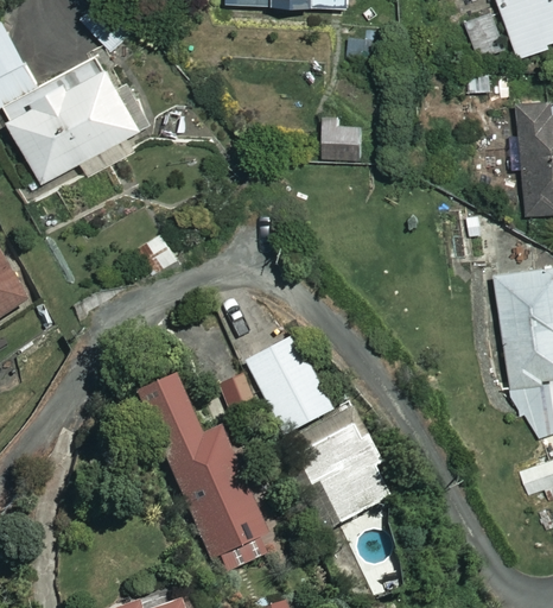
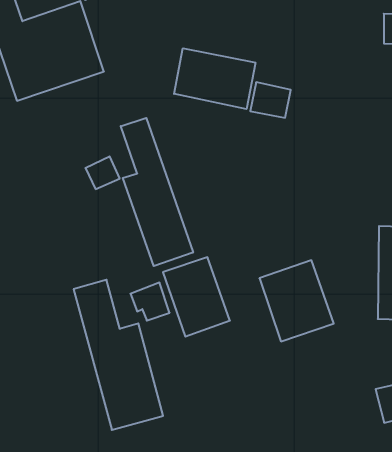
building: none -> [174,48,255,109]
building: none -> [121,118,193,266]
building: [303,428,399,530] -> [259,260,334,341]

